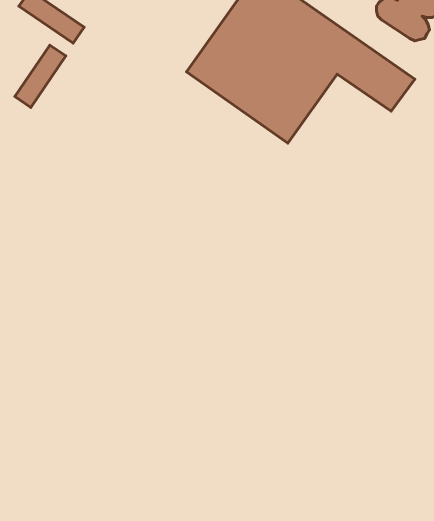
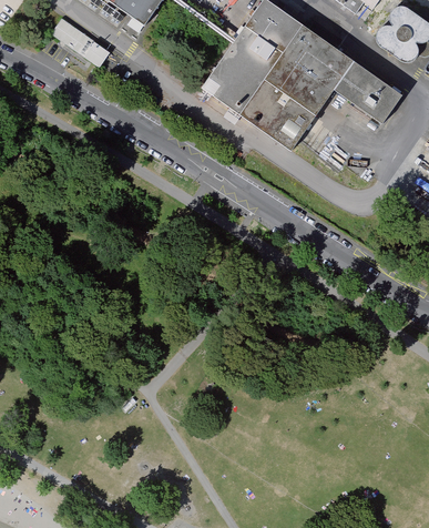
building: [15,45,66,107] -> none

